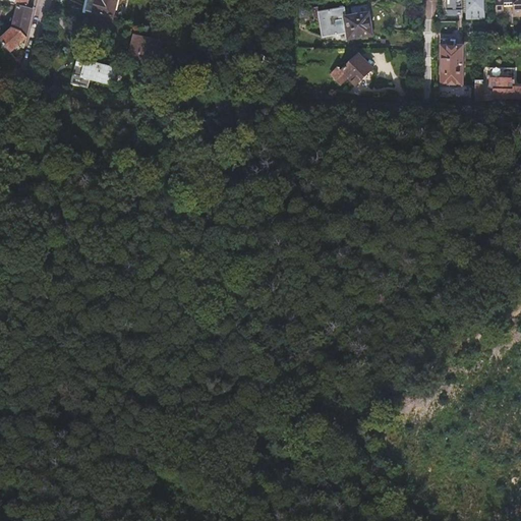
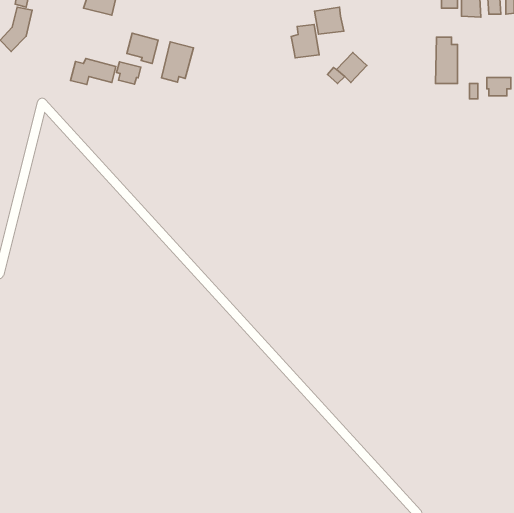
building: [344,4,372,38] -> [291,25,319,58]
building: none -> [161,42,193,82]
building: none -> [117,62,141,84]

